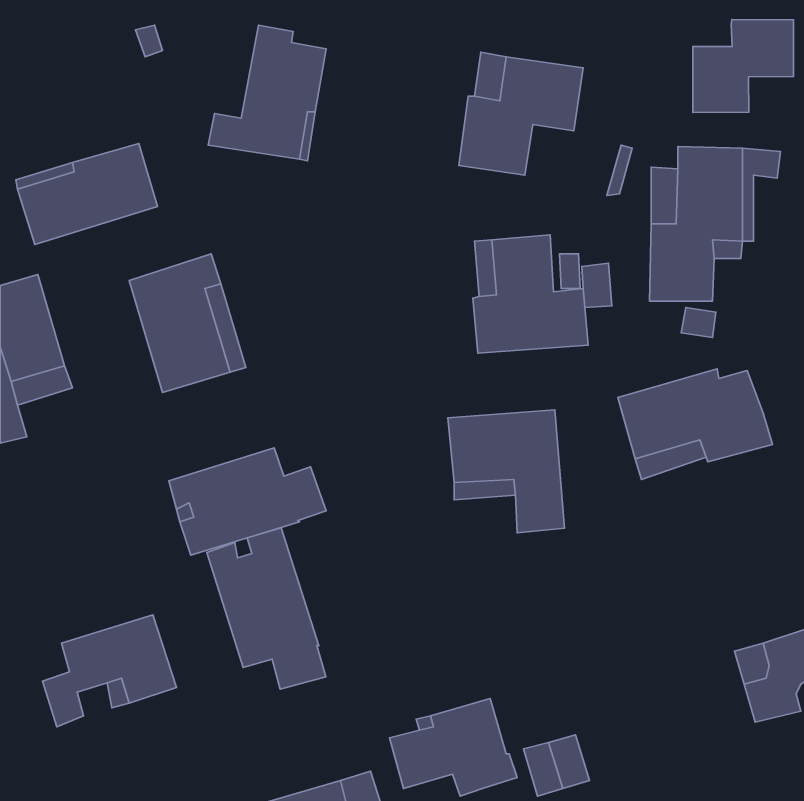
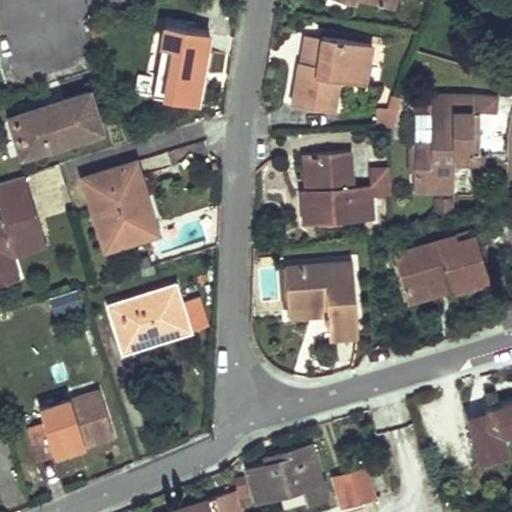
building: [693,19,793,112] -> none
building: [207,528,326,689] -> none

